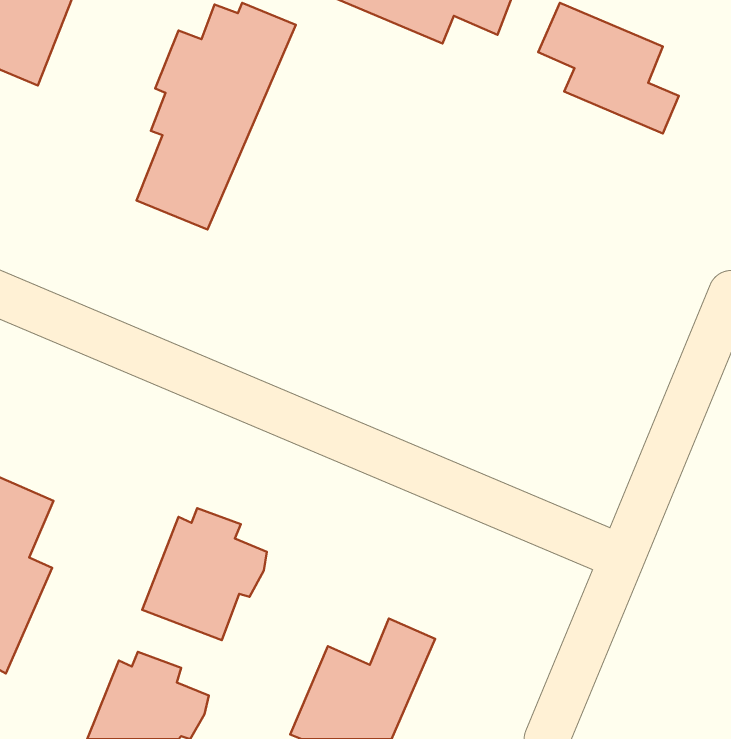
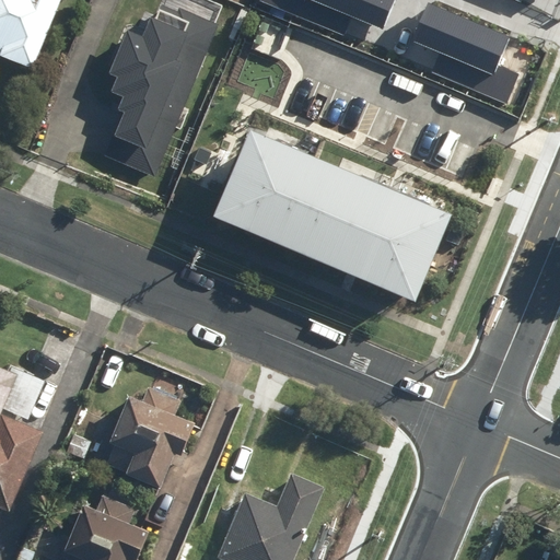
building: none -> [206,130,444,298]

